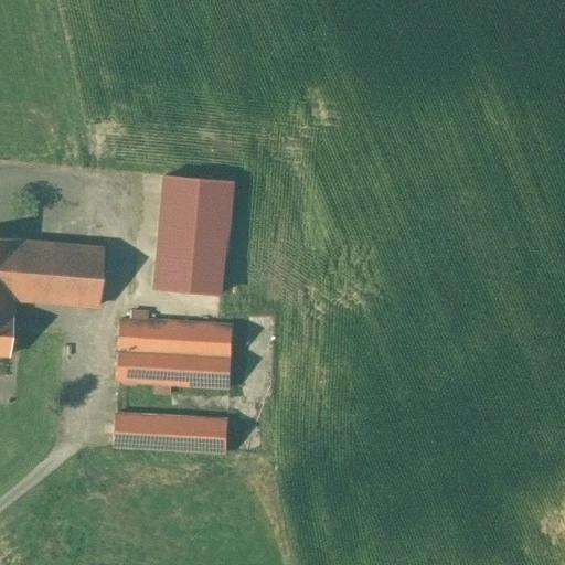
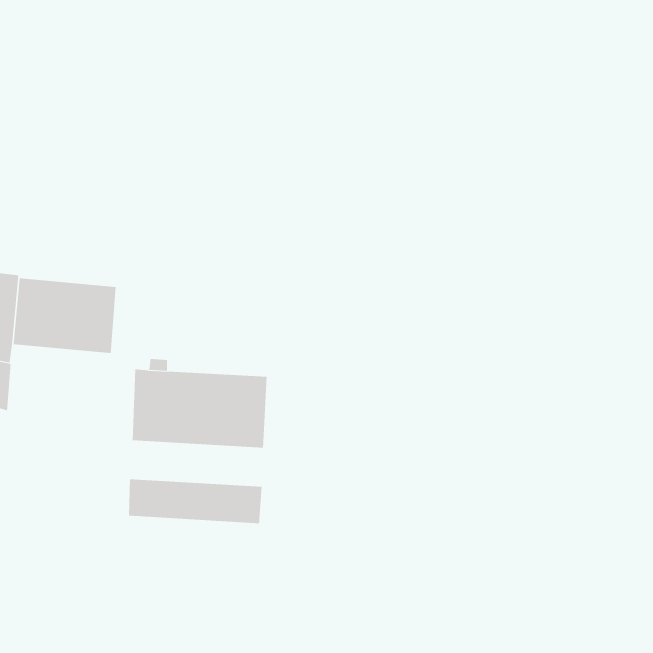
building: [157,168,239,289] -> none

